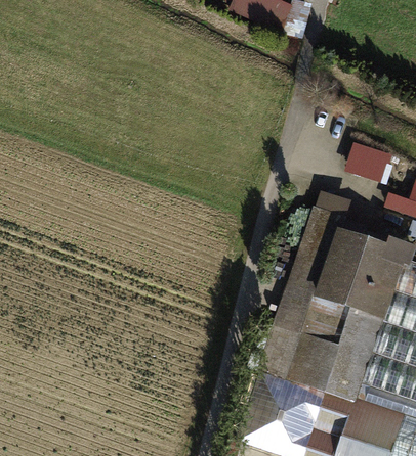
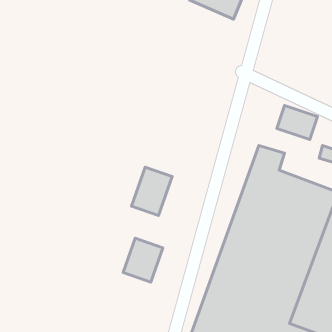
building: none -> [132,167,172,216]
building: none -> [123,238,163,282]

